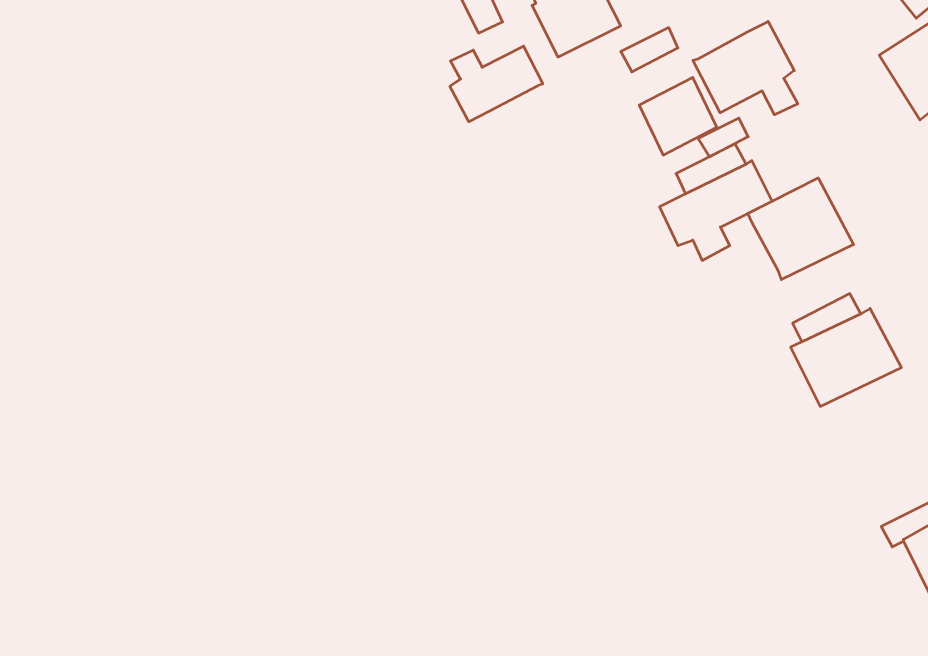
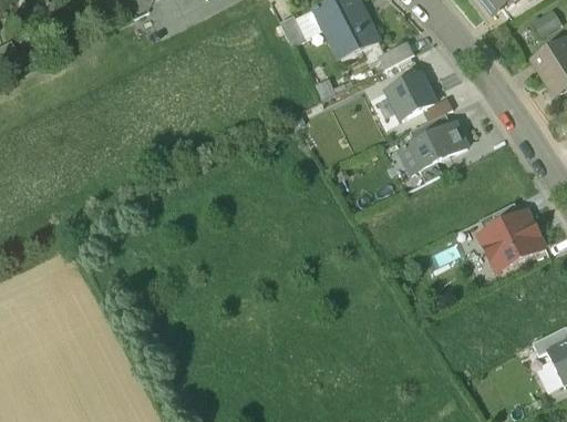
building: [693,21,798,115] -> none
building: [450,46,543,122] -> none
building: [748,178,854,280] -> none

